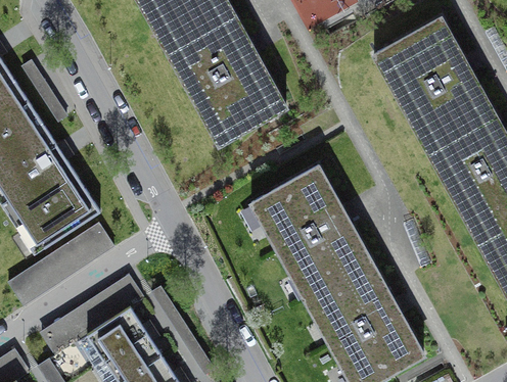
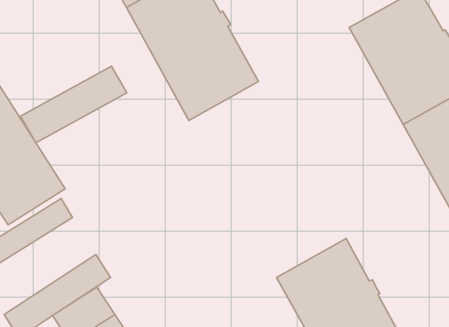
building: none -> [21,66,127,143]
building: [251,166,371,298] -> none

